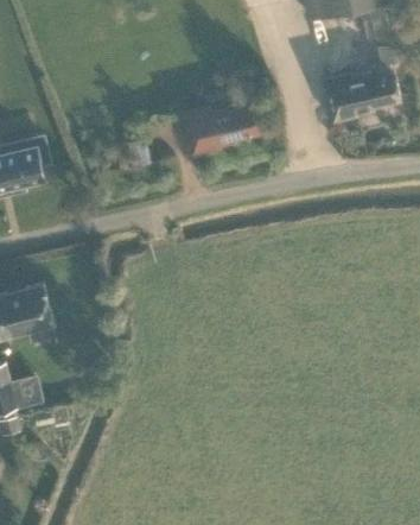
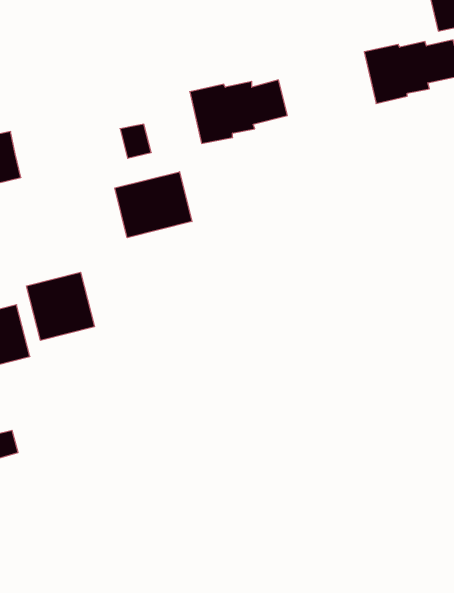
building: none -> [115,172,192,238]
building: none -> [27,272,94,340]

